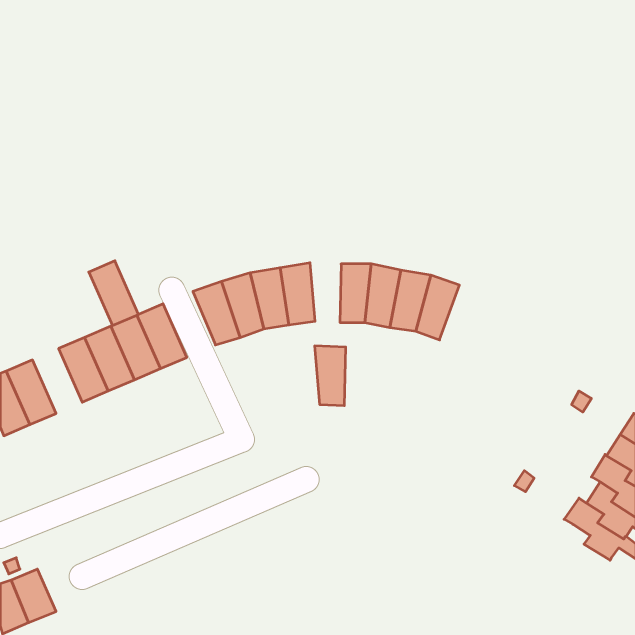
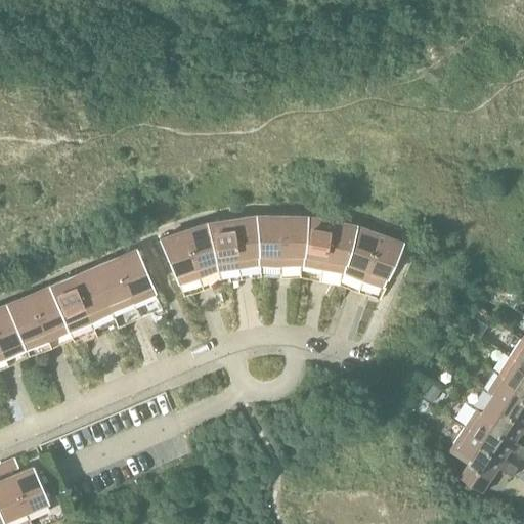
building: [89,261,139,326] -> [28,288,69,341]
building: none -> [362,235,402,288]
building: [315,346,346,406] -> [256,217,281,266]
building: none -> [449,432,519,492]

